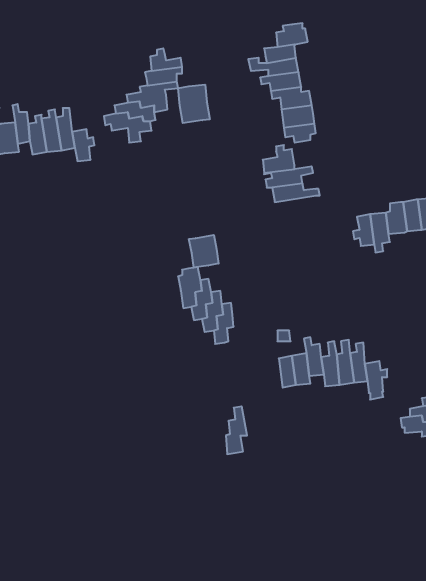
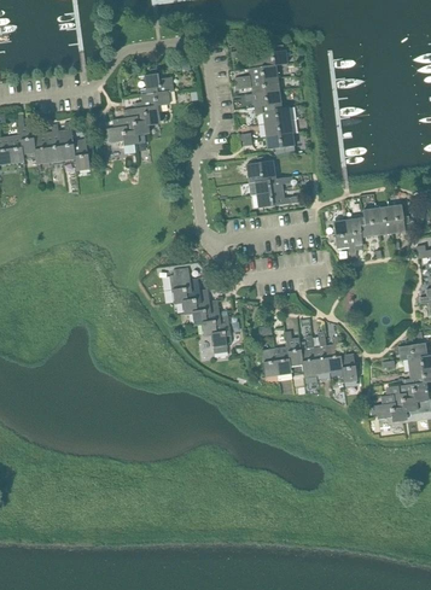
building: [178,85,210,123] -> none
building: [189,235,219,268] -> none
building: [226,406,247,454] -> [211,309,231,352]

